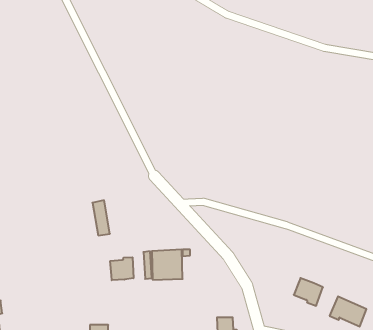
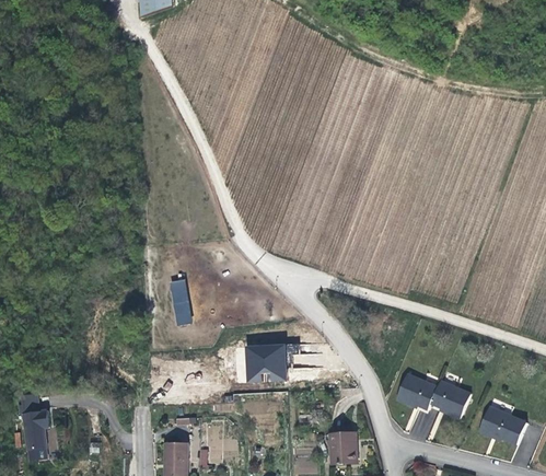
building: [110,257,133,280] -> none
building: none -> [395,374,438,409]

